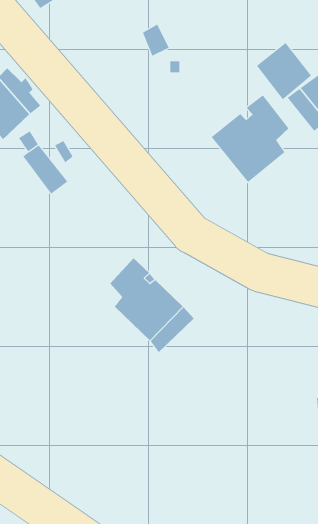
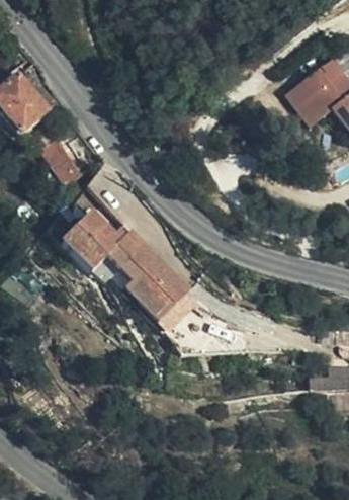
building: [256,42,312,100] -> none
building: [211,94,289,183] -> none
building: none -> [62,212,142,269]

